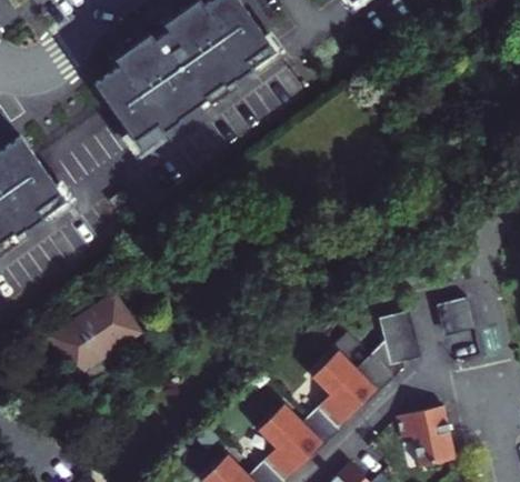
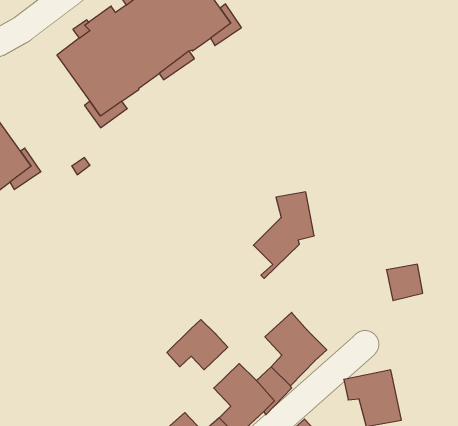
building: [41,291,136,376] -> none
building: [356,313,419,403] -> [253,192,314,278]
building: none -> [167,320,228,370]

